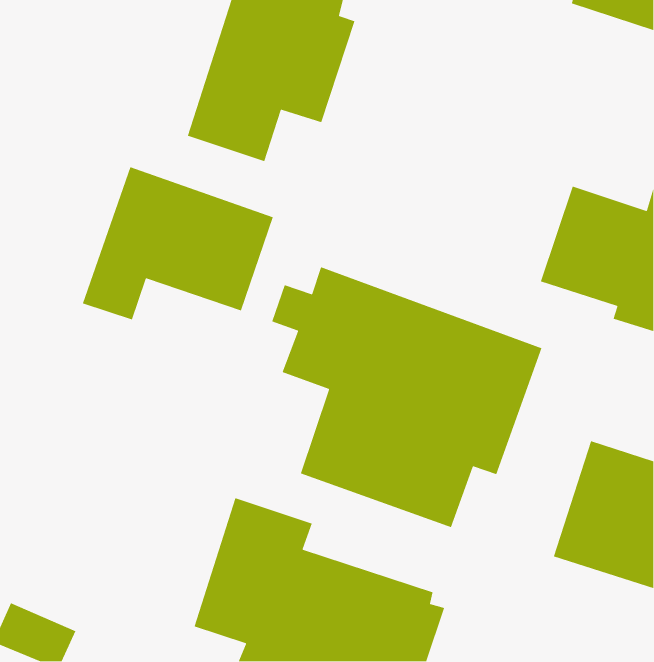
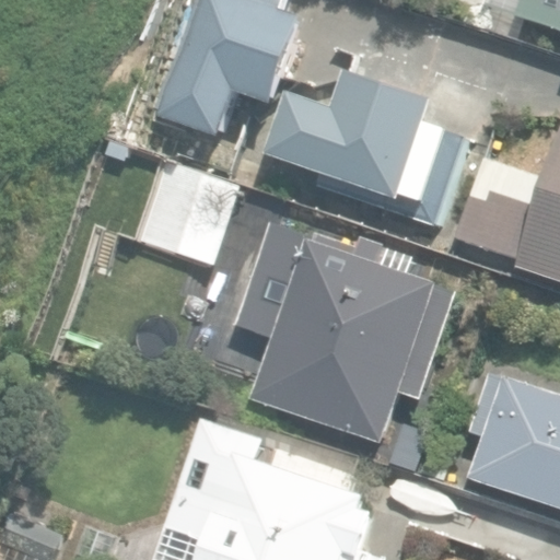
building: none -> [270,70,464,228]

